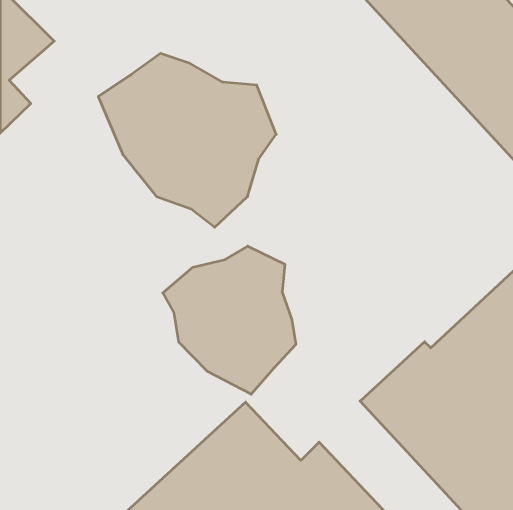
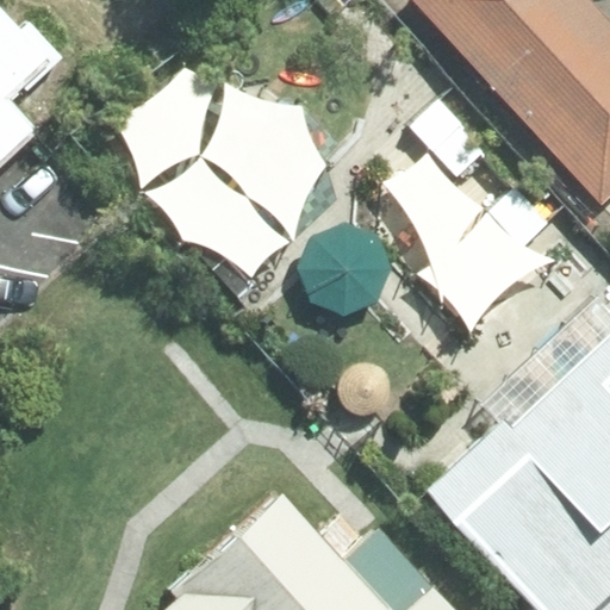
building: none -> [384,157,552,330]
building: [163,246,296,394] -> none

